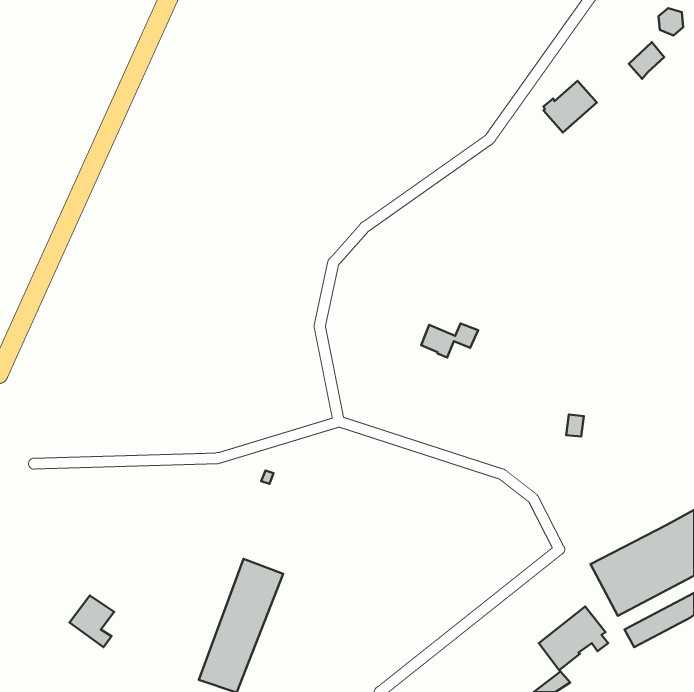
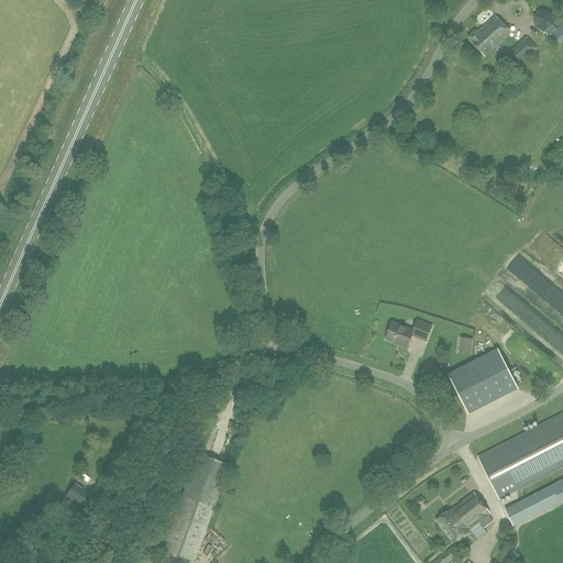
building: [544,81,597,132] -> [468,13,511,55]
building: [421,323,478,357] -> [385,319,431,346]
building: none -> [449,347,518,412]

